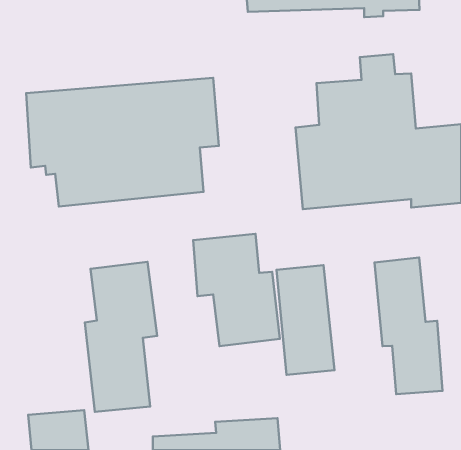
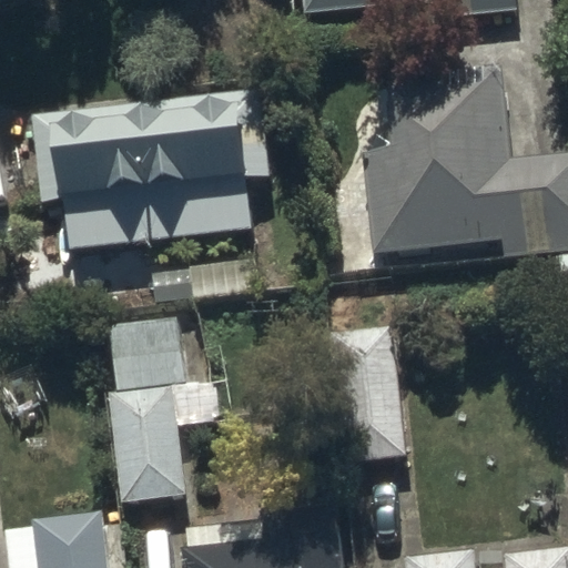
building: [193,234,280,346] -> none
building: [375,258,442,394] -> none

